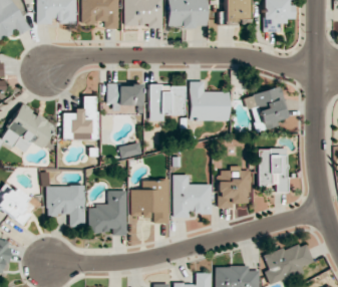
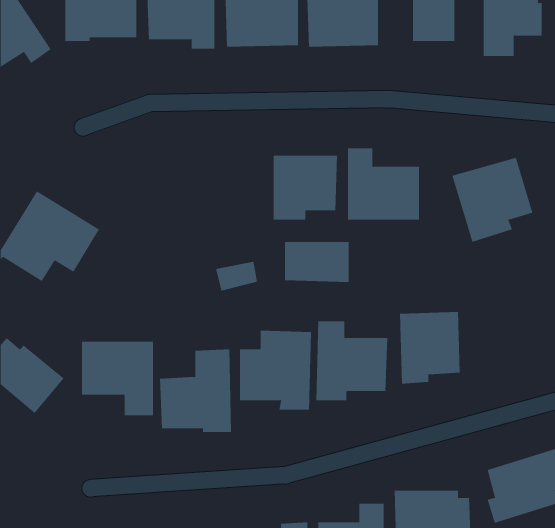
building: [107,84,142,106] -> [284,242,349,283]
building: [63,96,97,138] -> none
building: [258,149,288,191] -> none

